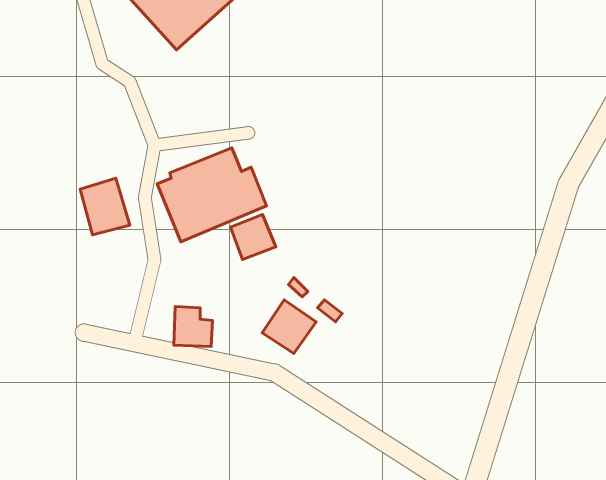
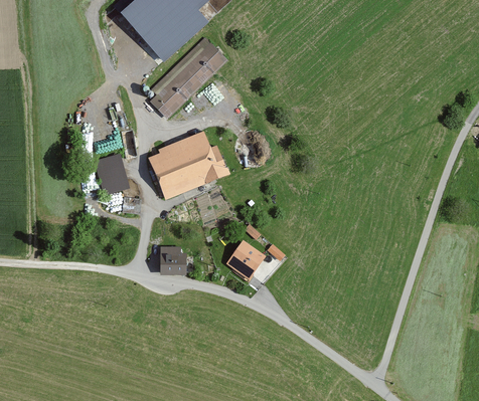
building: none -> [150,38,227,119]
building: [230,214,276,260] -> none

